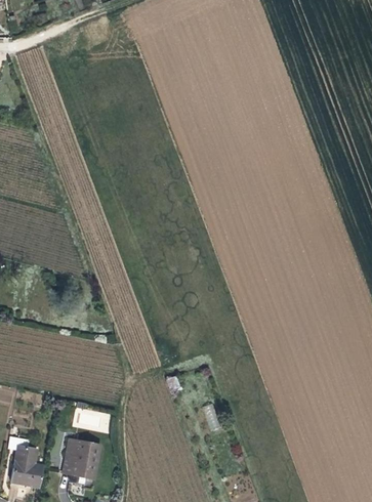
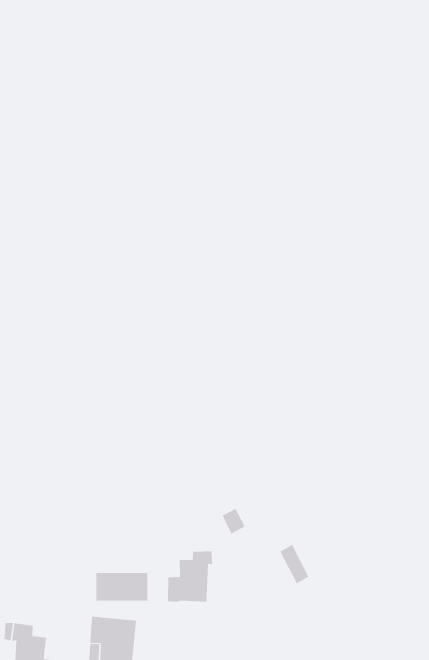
building: none -> [167,551,213,603]

